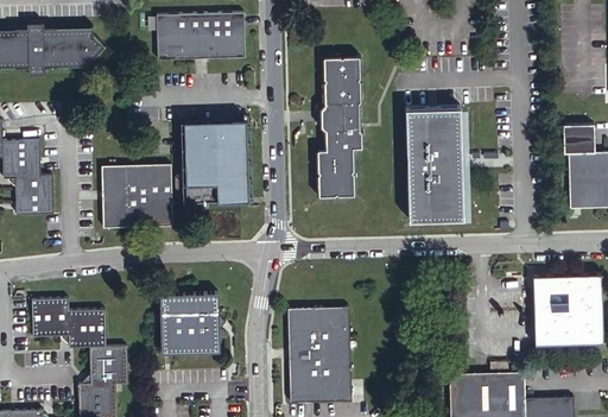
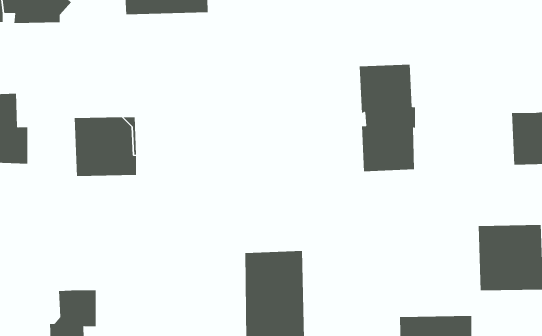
building: [315,53,362,195] -> none
building: [560,127,593,158] -> none
building: [186,129,251,201] -> none
building: [160,293,228,356] -> none
building: [32,297,107,348] -> none

